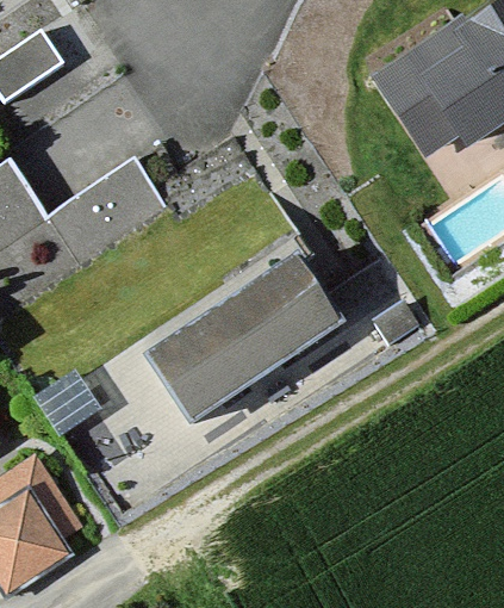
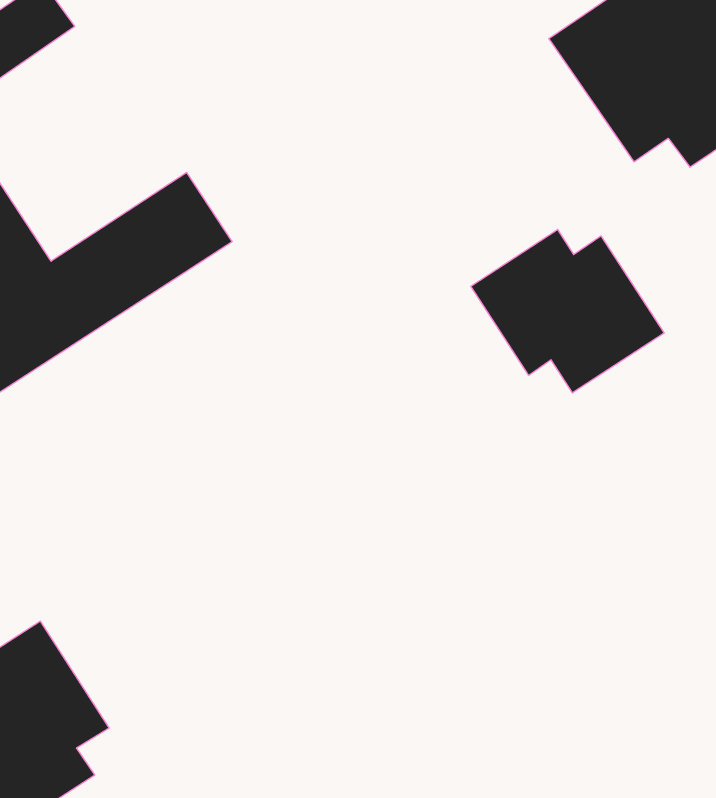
building: none -> [471,229,664,393]
building: [147,261,337,422] -> none

